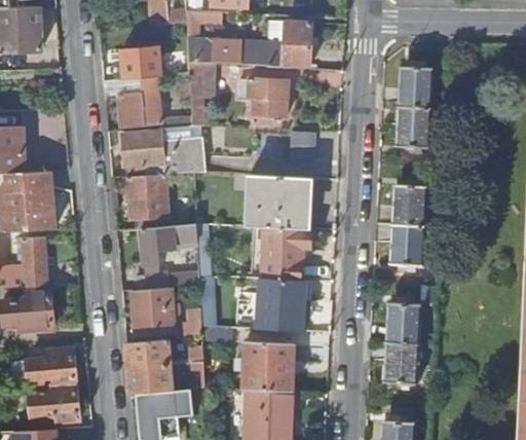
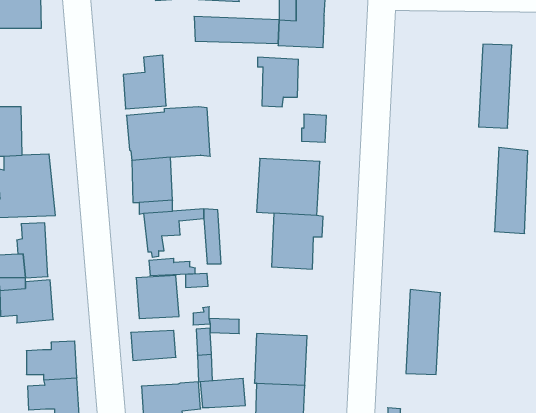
building: [120,46,159,79] -> none
building: [187,63,213,126] -> none
building: [401,66,433,146] -> [479,44,512,128]
building: [394,183,426,265] -> [494,147,528,233]
building: [255,279,306,332] -> none
building: [127,365,171,393] -> [200,379,245,408]

